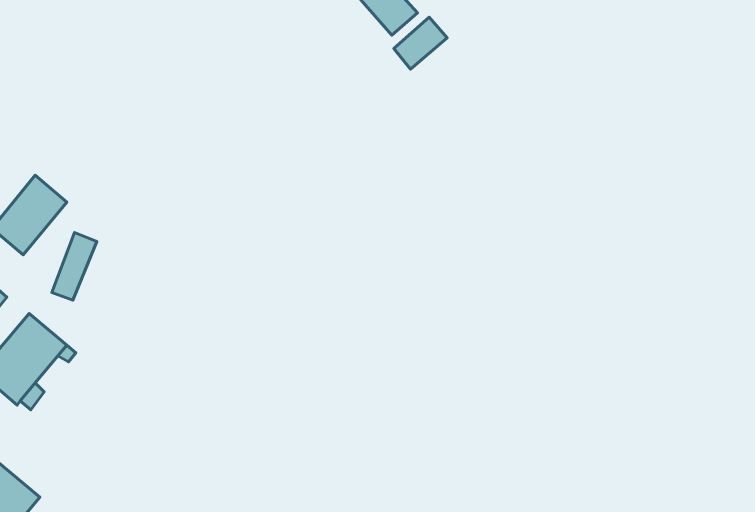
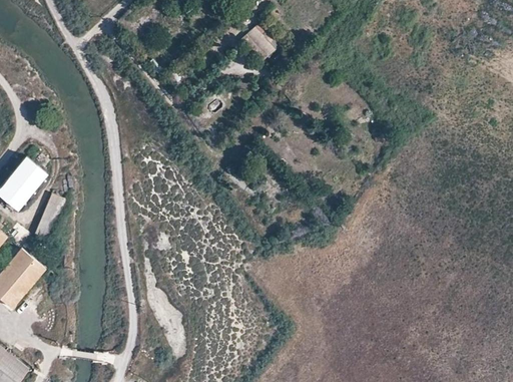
building: [394,17,447,69] -> none

